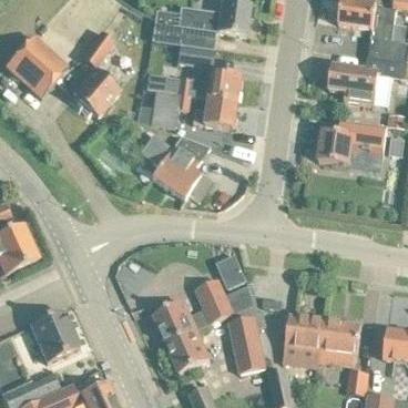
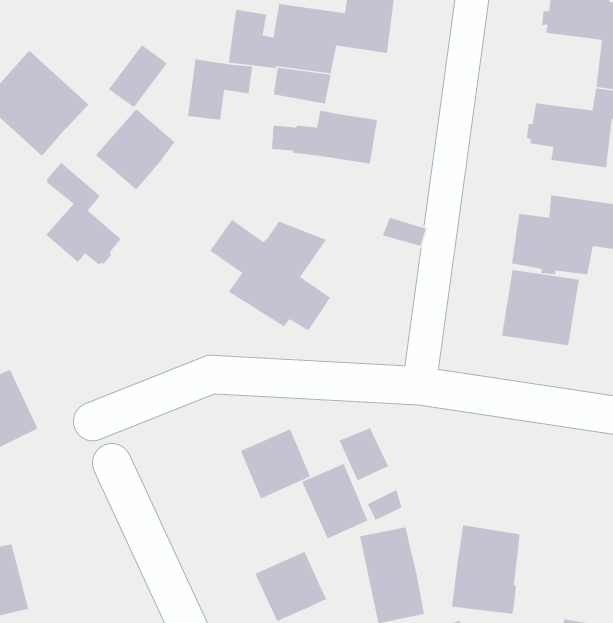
building: [150,89,188,125] -> [187,58,253,120]
building: [193,96,235,128] -> none
building: none -> [45,162,121,265]
building: none -> [501,269,580,346]
building: [154,300,196,343] -> [240,428,311,499]
building: [30,308,79,360] -> none
building: [320,319,361,366] -> none

